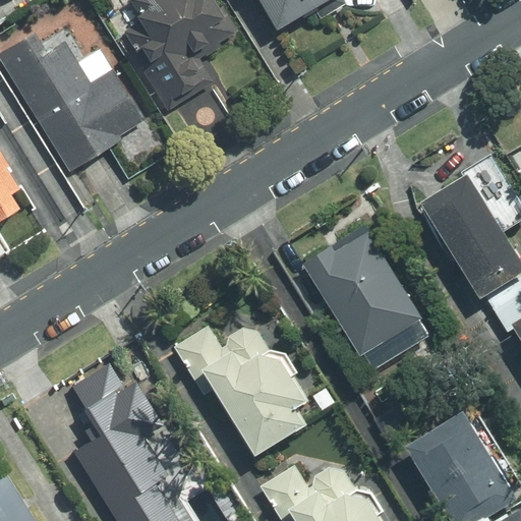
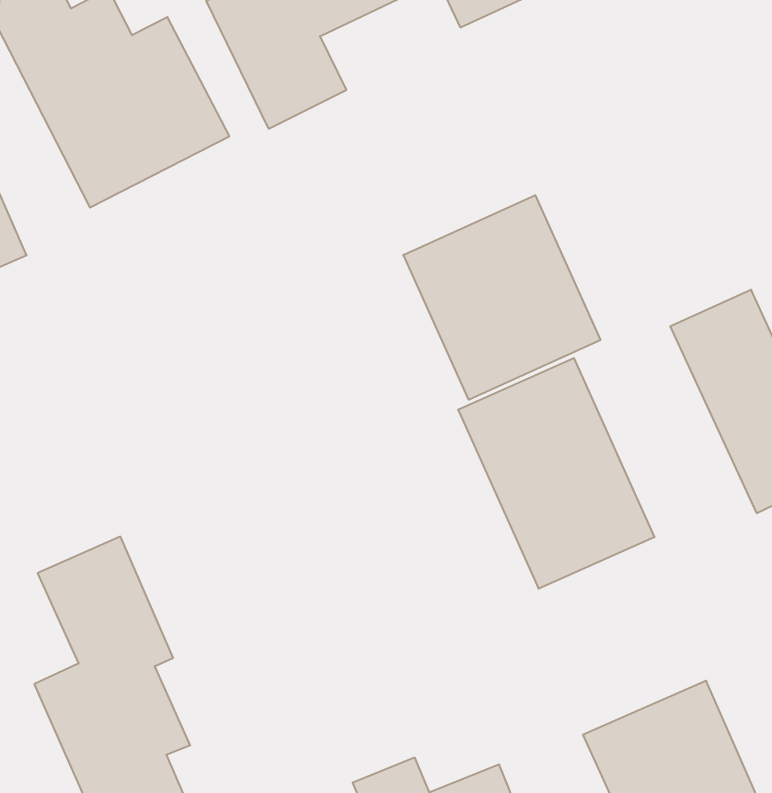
building: none -> [403,195,600,400]
building: [172,316,322,464] -> none

